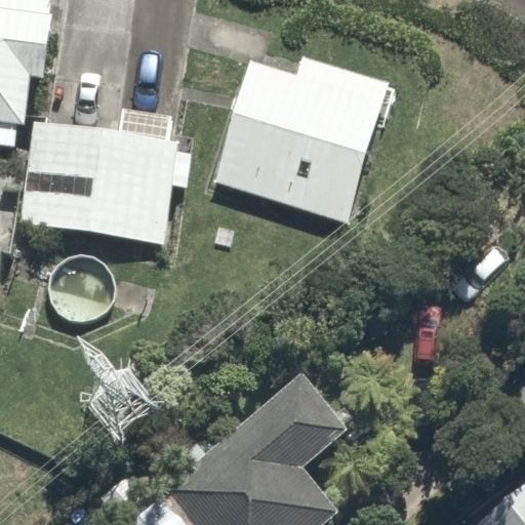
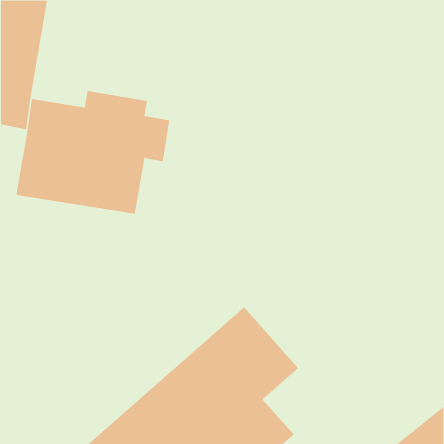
building: [210,56,381,224] -> none

